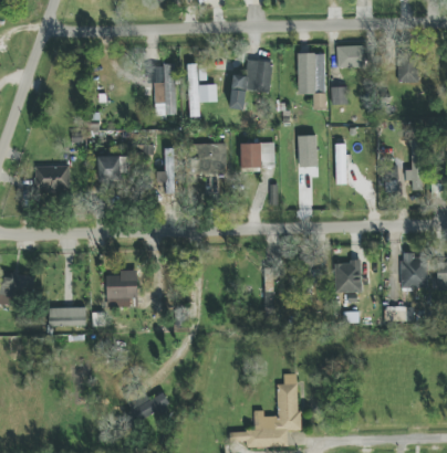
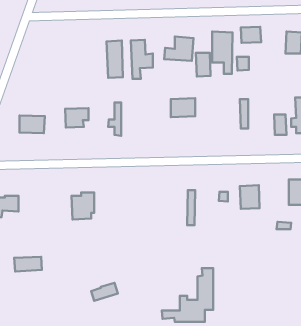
building: [298,135,318,167] -> [196,53,211,76]
building: [193,143,227,173] -> none
building: [49,307,86,327] -> [14,257,42,271]

